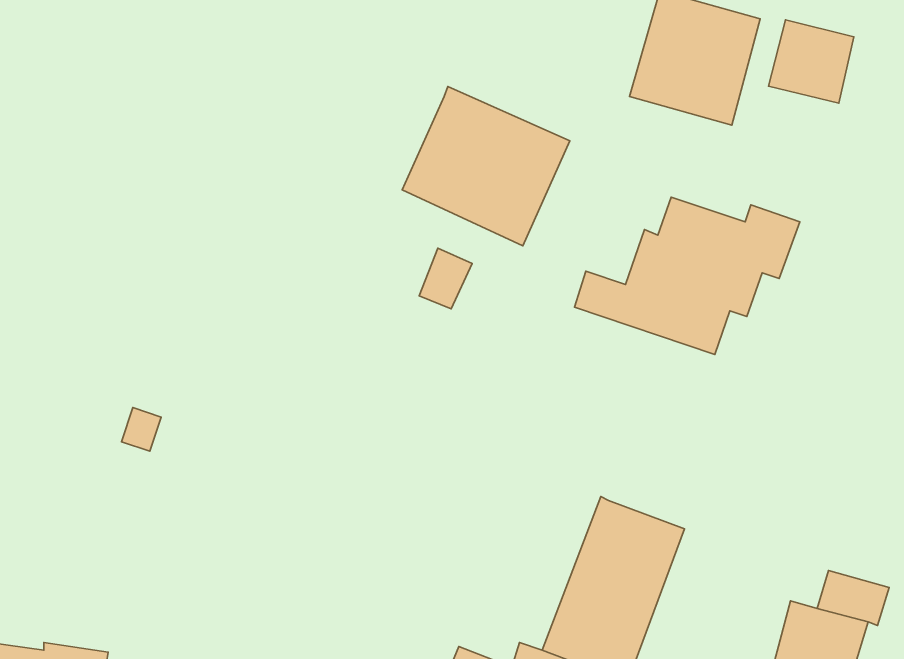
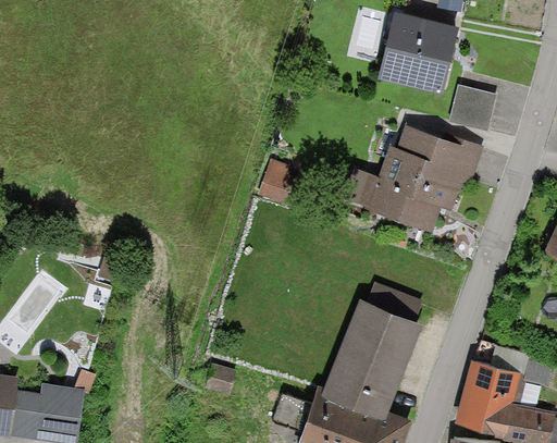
building: [769,20,854,103] -> [448,84,497,132]
building: [402,87,570,246] -> none
building: none -> [370,285,422,323]

